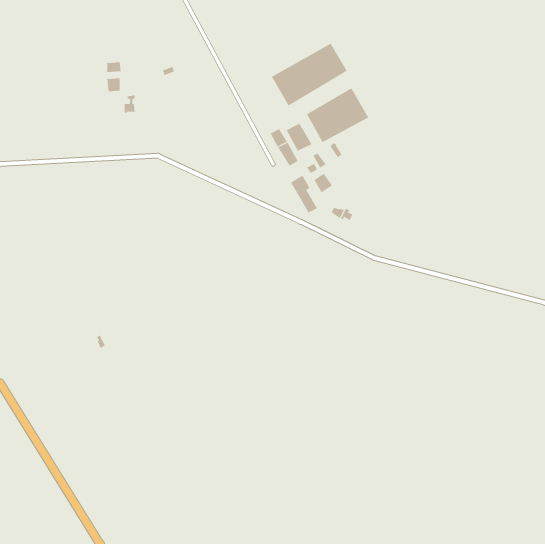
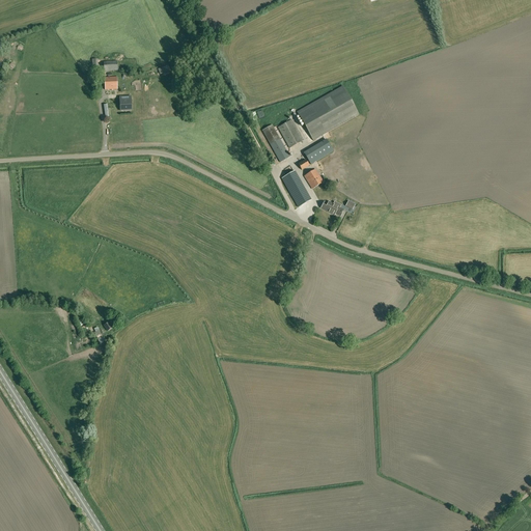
building: [271,43,348,106] -> none

